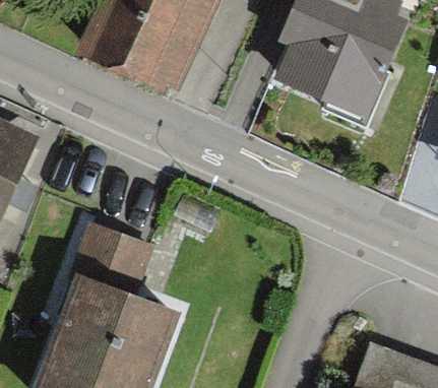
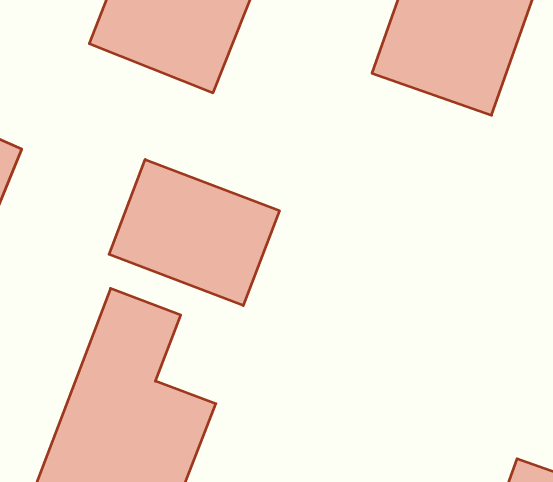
building: none -> [109,159,279,306]

